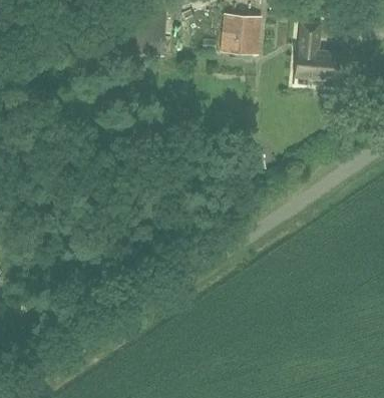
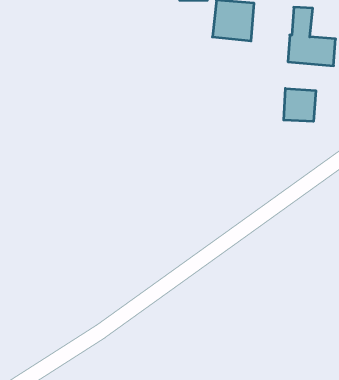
building: none -> [284,88,316,121]

